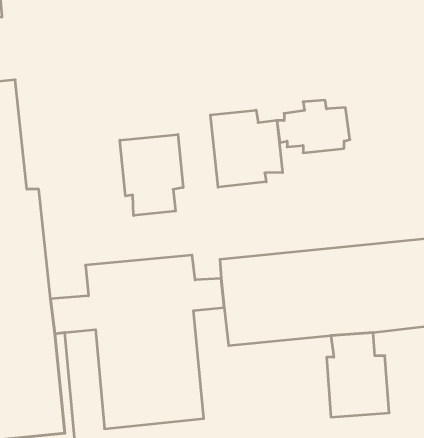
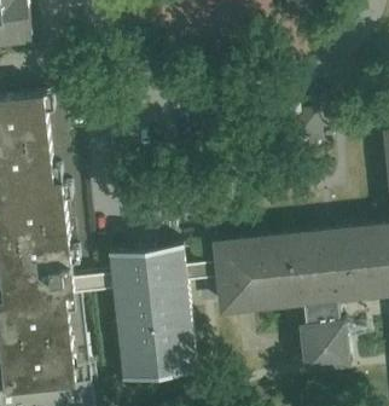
building: [210,110,283,187] -> none
building: [120,134,183,216] -> none

